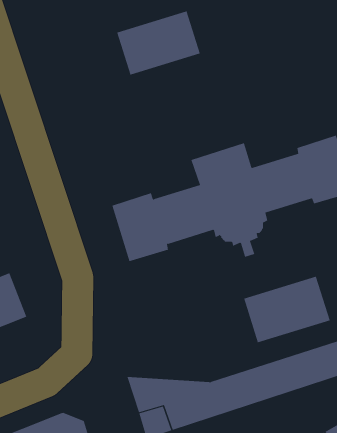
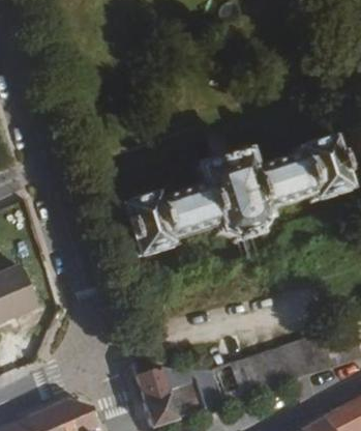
building: [117,11,200,75] -> none
building: [243,276,330,343] -> none

